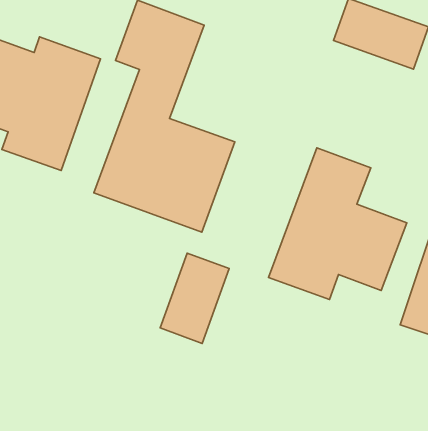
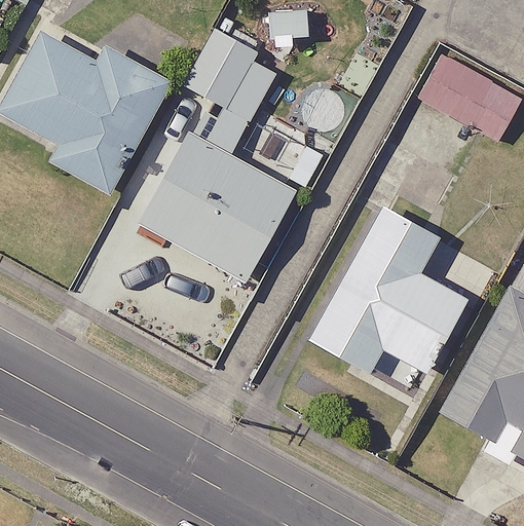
building: [160,253,229,343] -> none

